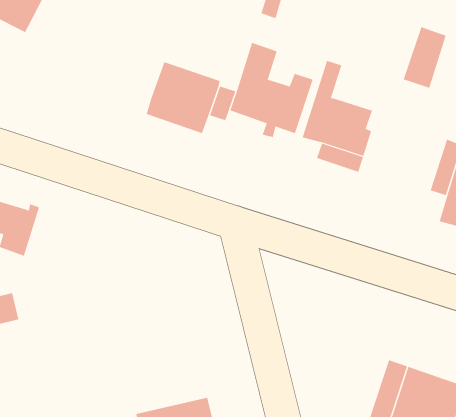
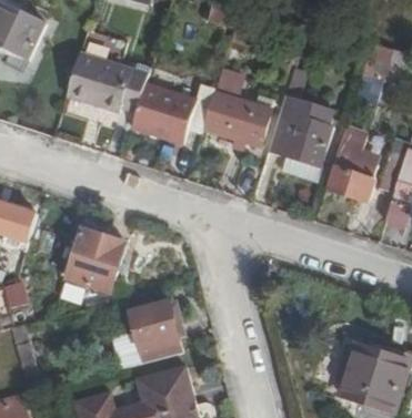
building: none -> [68,53,151,113]
building: none -> [324,132,376,201]
building: none -> [67,230,127,293]
building: none -> [127,305,181,365]

